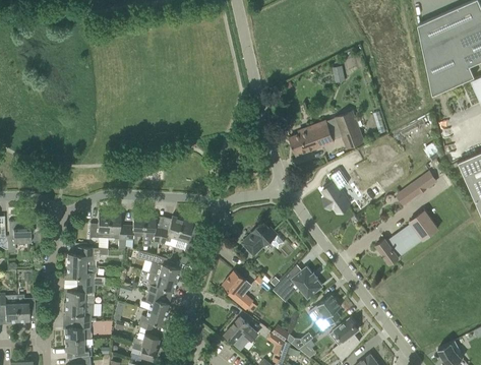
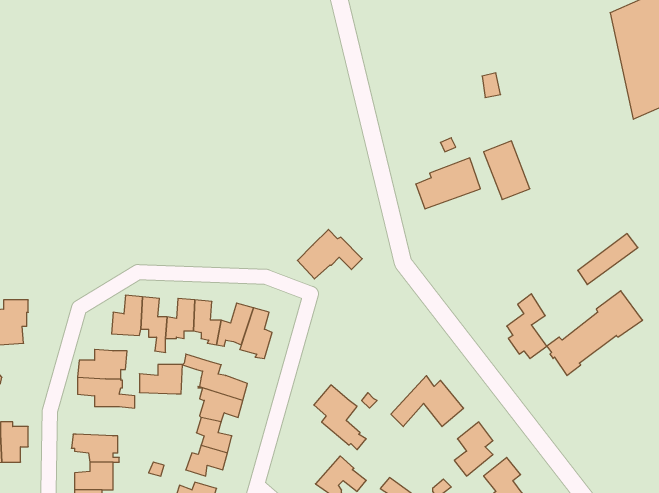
building: [322,170,349,212] -> [507,294,547,359]
building: [242,223,285,255] -> [297,229,362,279]
building: [66,285,95,304] -> [139,365,183,394]

